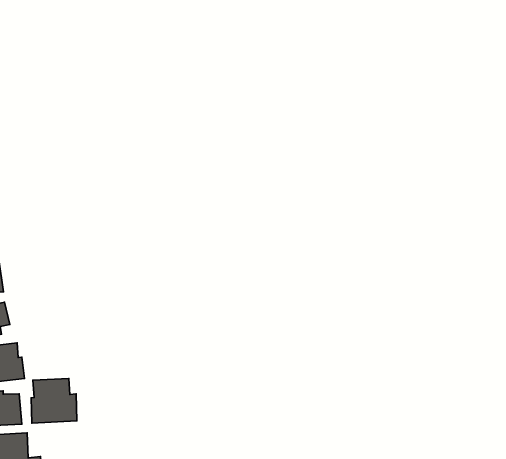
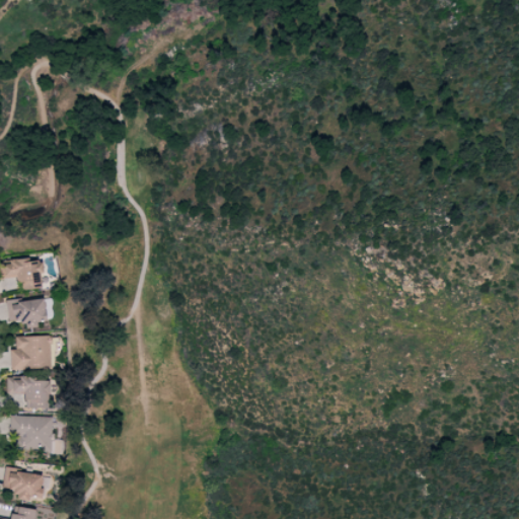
building: [31,378,77,423] -> none

